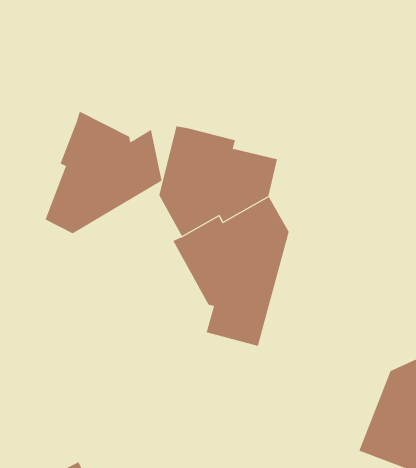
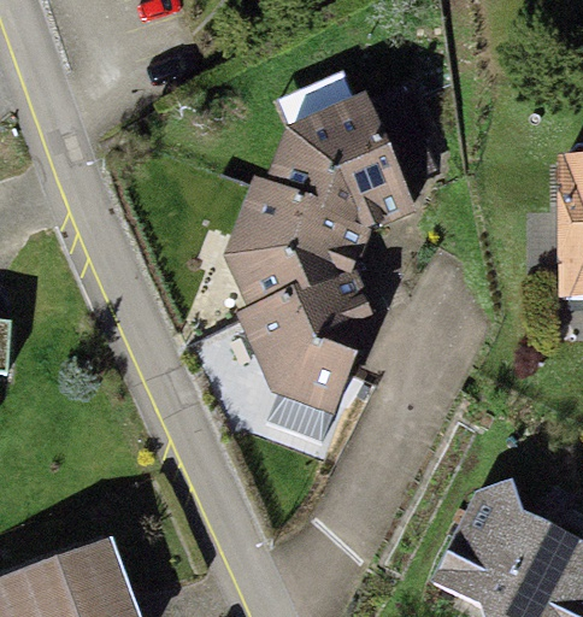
building: none -> [266,88,432,228]
building: [45,111,162,234] -> none

